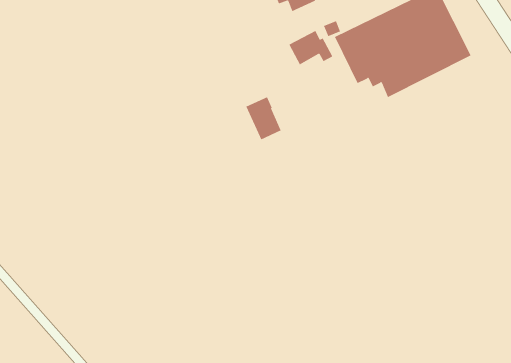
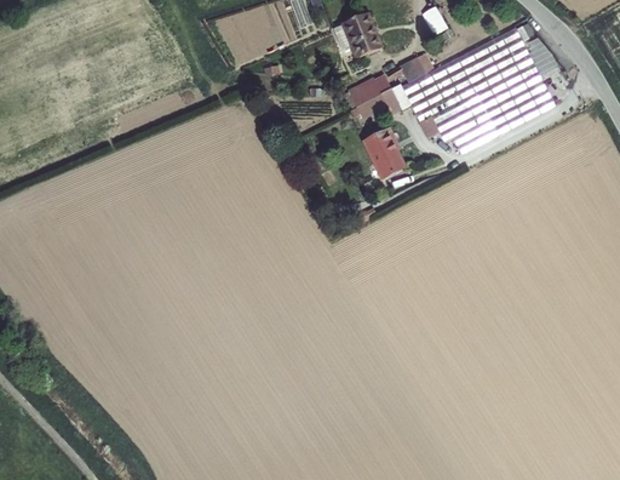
building: [246,97,282,140] -> [364,128,404,177]

